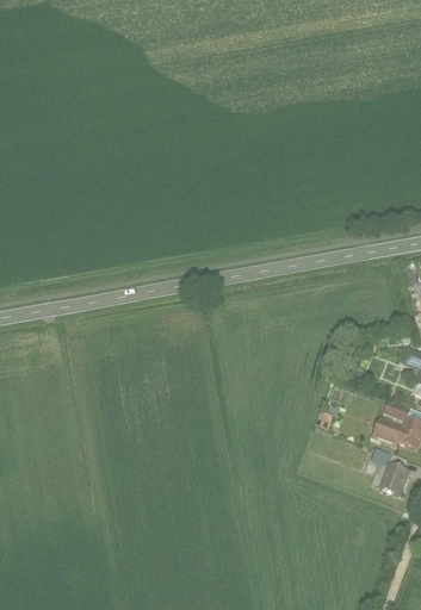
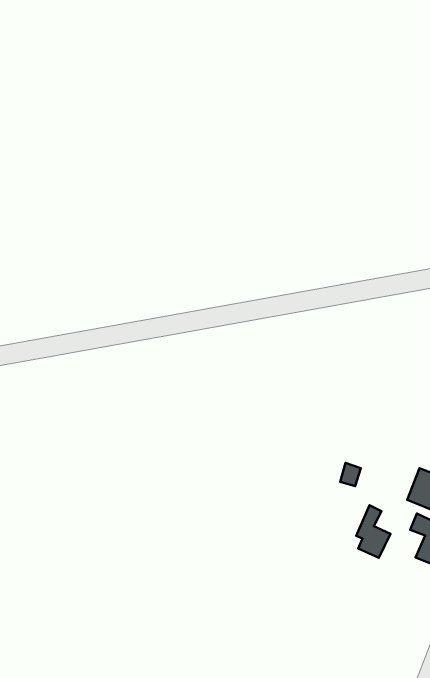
building: none -> [356,505,390,558]

